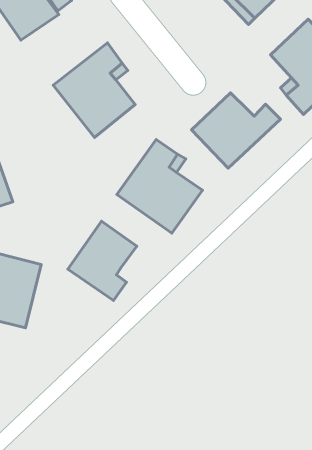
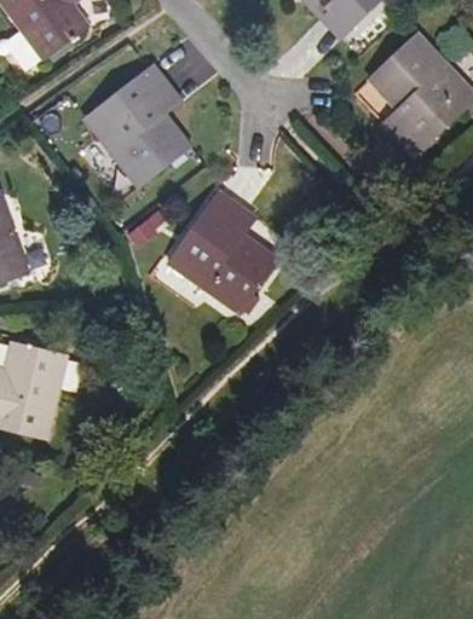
building: [191,93,280,168] -> none
building: [68,221,137,301] -> none

